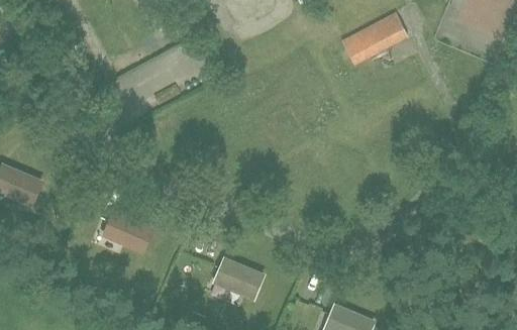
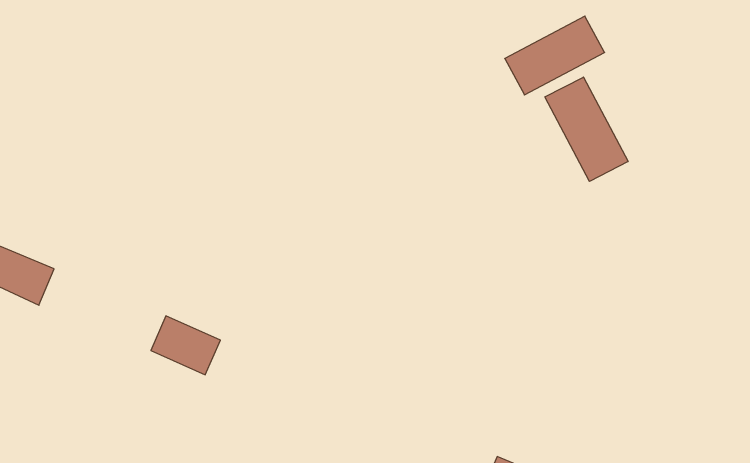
building: none -> [545,77,628,181]
building: [215,260,263,300] -> none

